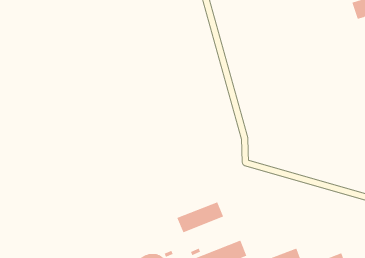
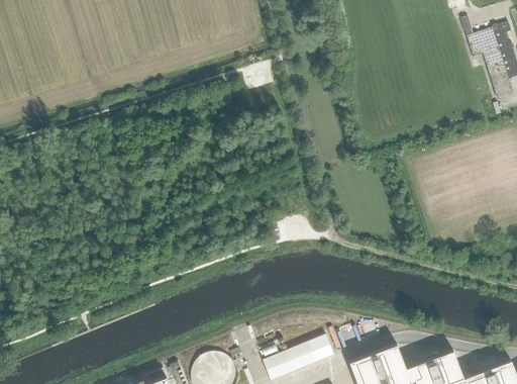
building: [177,202,224,233] -> none

